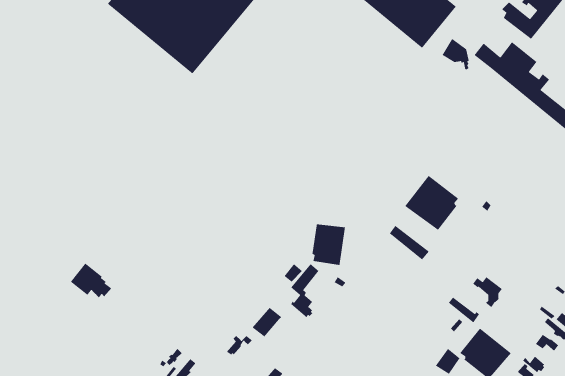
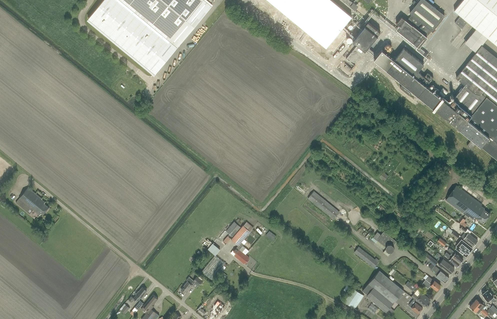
building: none -> [353,23,380,52]
building: [404,175,459,231] -> none
building: [311,224,346,266] -> none
building: [70,263,112,299] -> [16,189,49,217]

